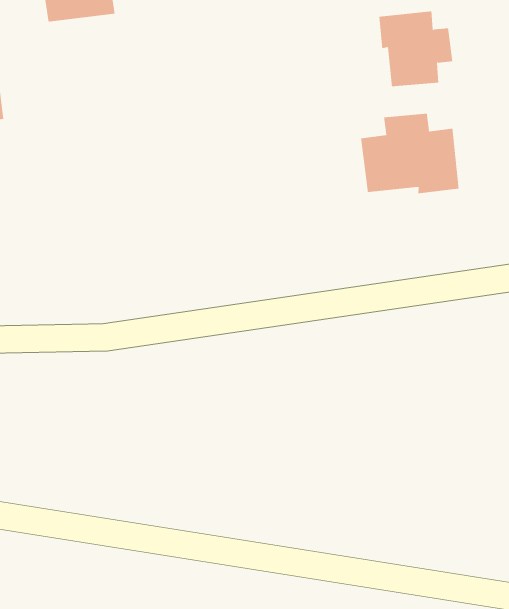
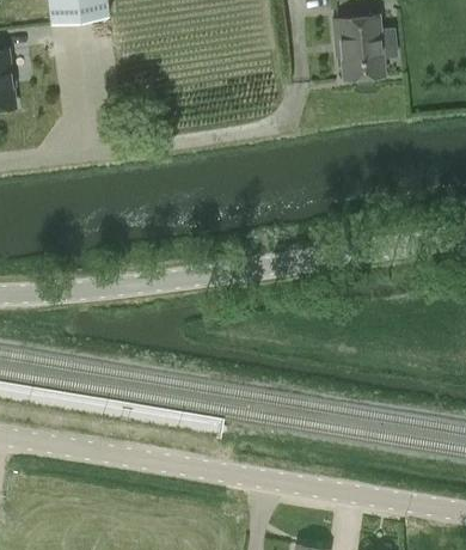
building: [361,113,459,194] -> none

